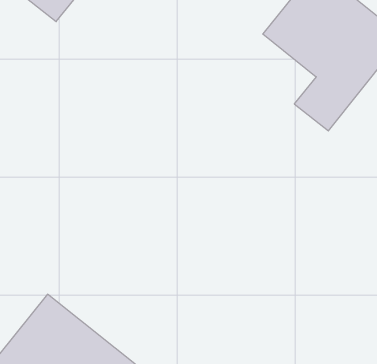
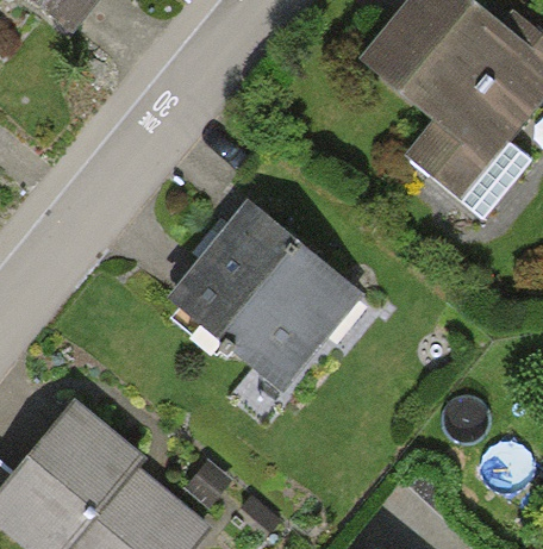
building: none -> [171,207,356,388]

